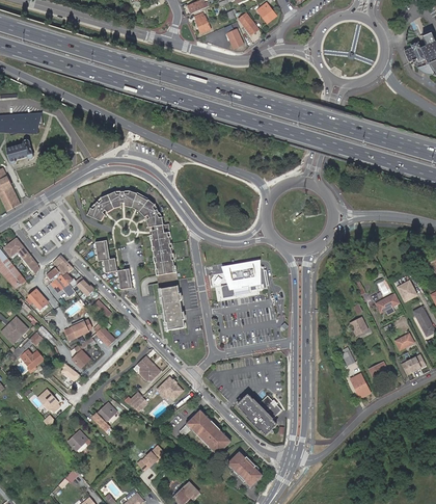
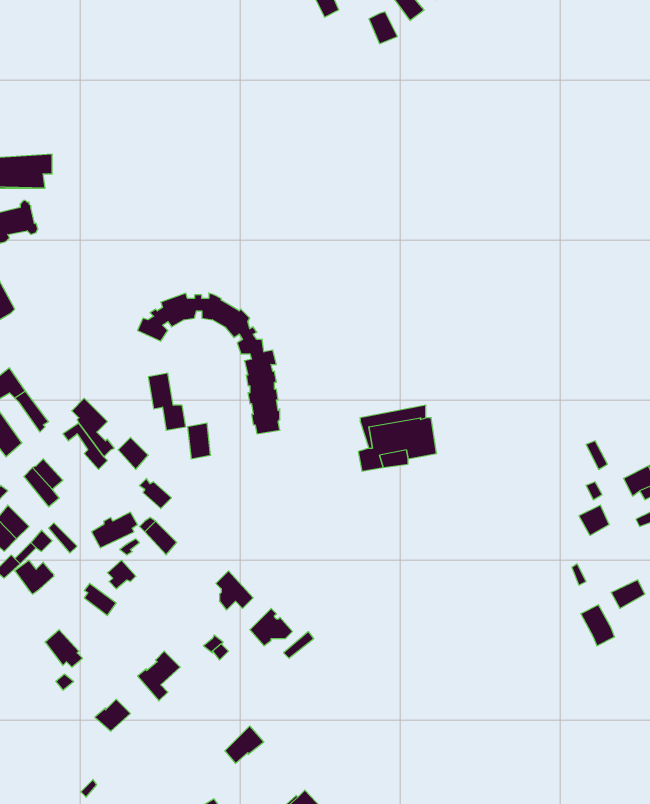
building: [162,287,184,328] -> none
building: [237,395,280,434] -> none
building: [185,409,230,454] -> none
building: [226,451,262,486] -> none

